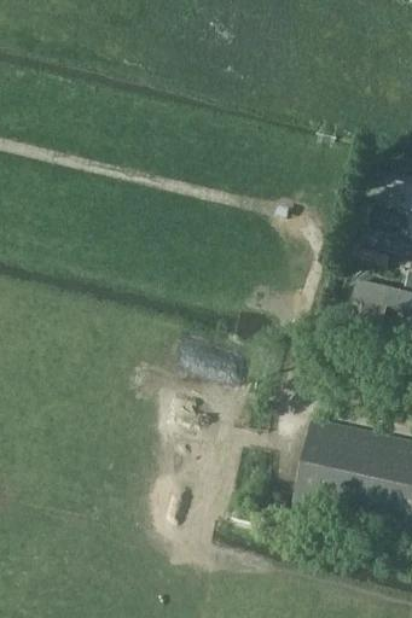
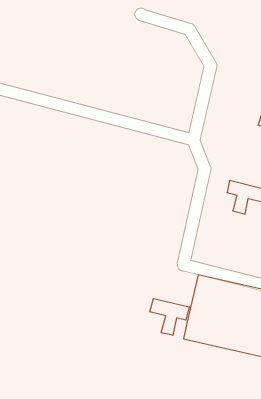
building: none -> [150,299,189,335]

